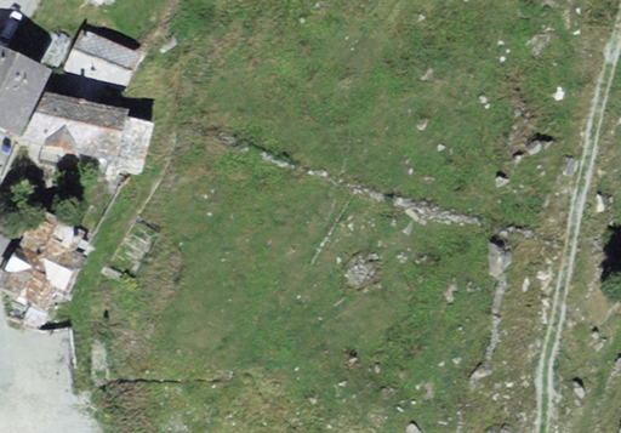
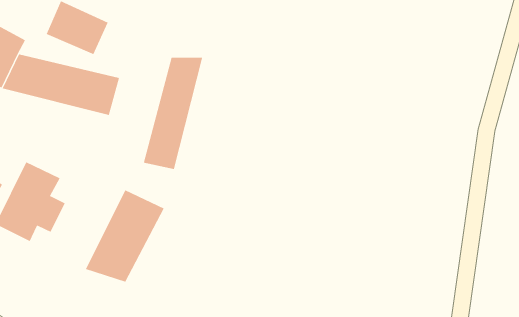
building: none -> [143,57,203,170]
building: none -> [85,189,164,283]

